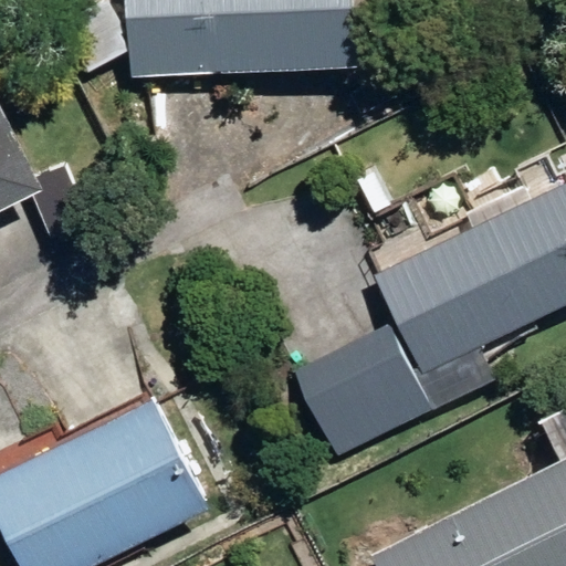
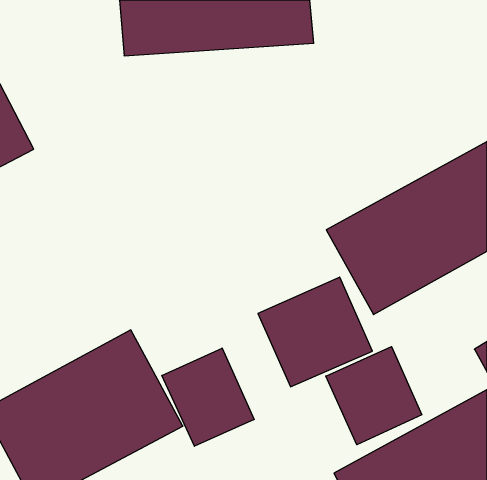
building: none -> [326,347,422,445]
building: none -> [162,348,254,446]

